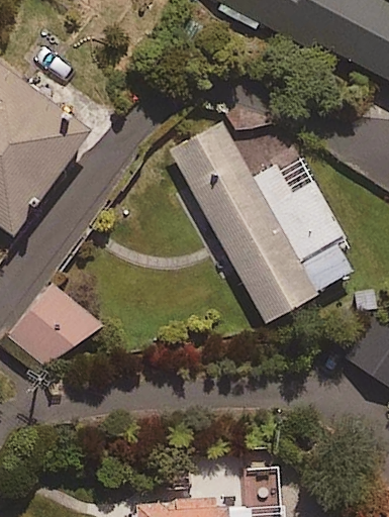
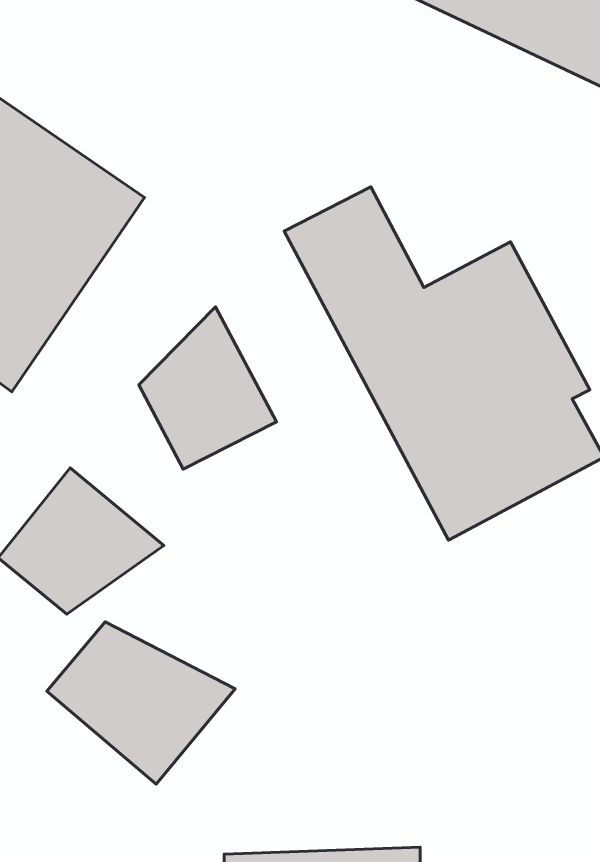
building: none -> [139,307,277,469]
building: none -> [47,622,235,784]

